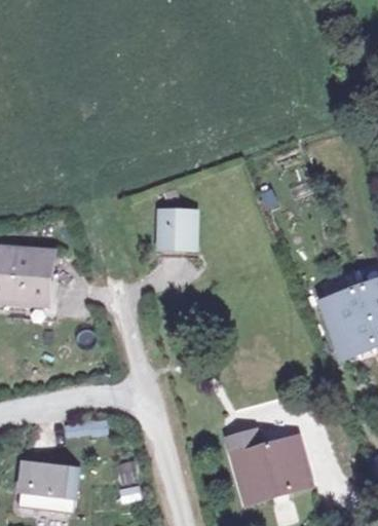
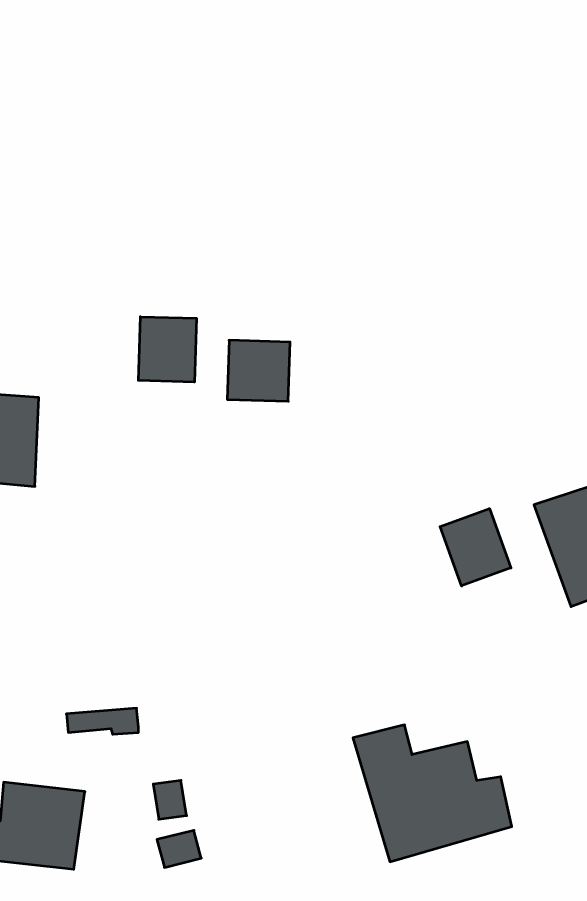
building: none -> [138,317,196,382]
building: none -> [440,509,511,586]

